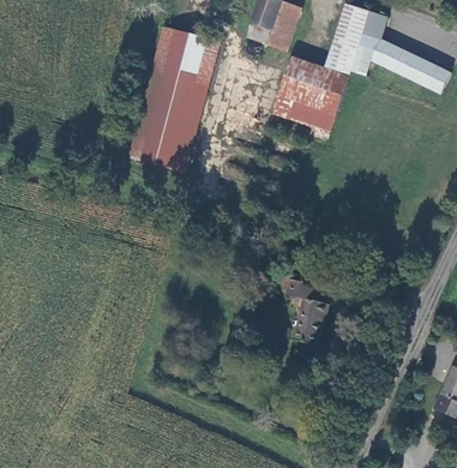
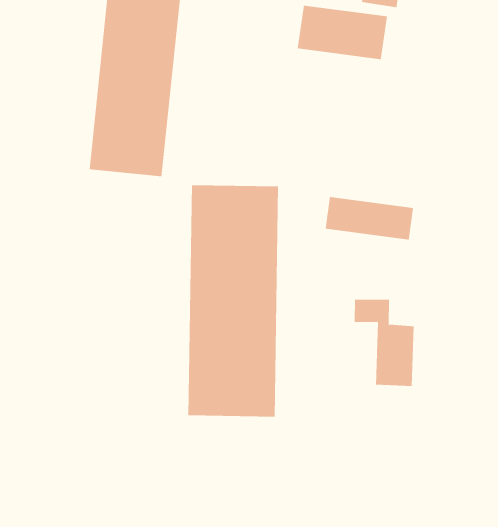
building: [272,95,335,132] -> [325,196,414,240]
building: none -> [188,185,279,417]

